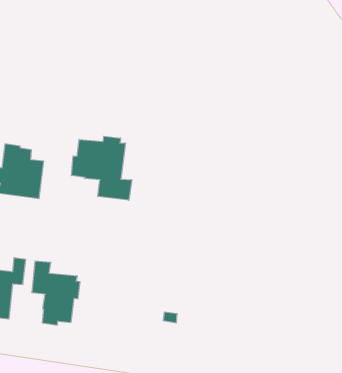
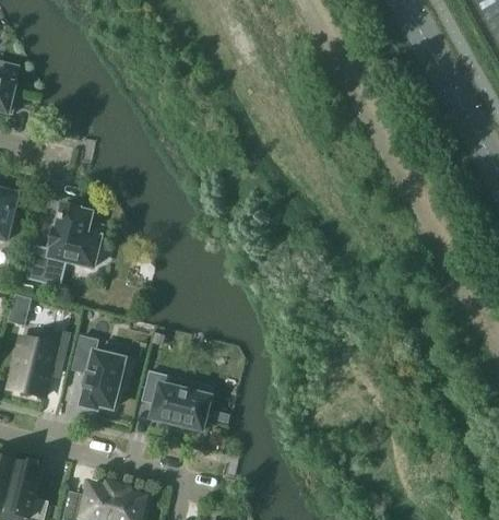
building: [71,136,132,200] -> none
building: none -> [141,370,209,430]

